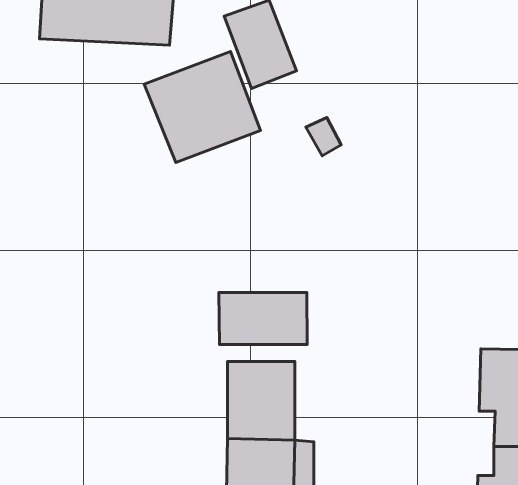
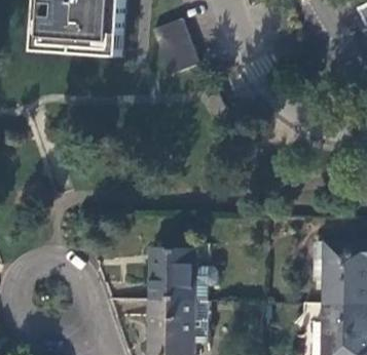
building: [144,51,261,162] -> none
building: [219,292,307,344] -> none

